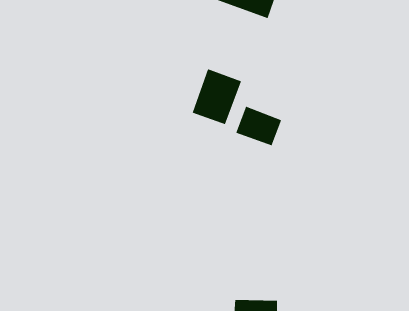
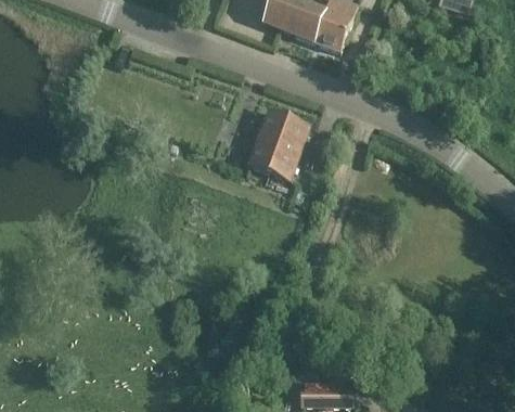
building: [236,106,282,146] -> none

